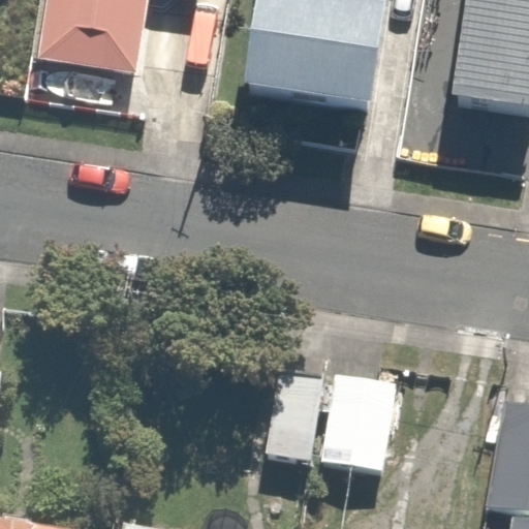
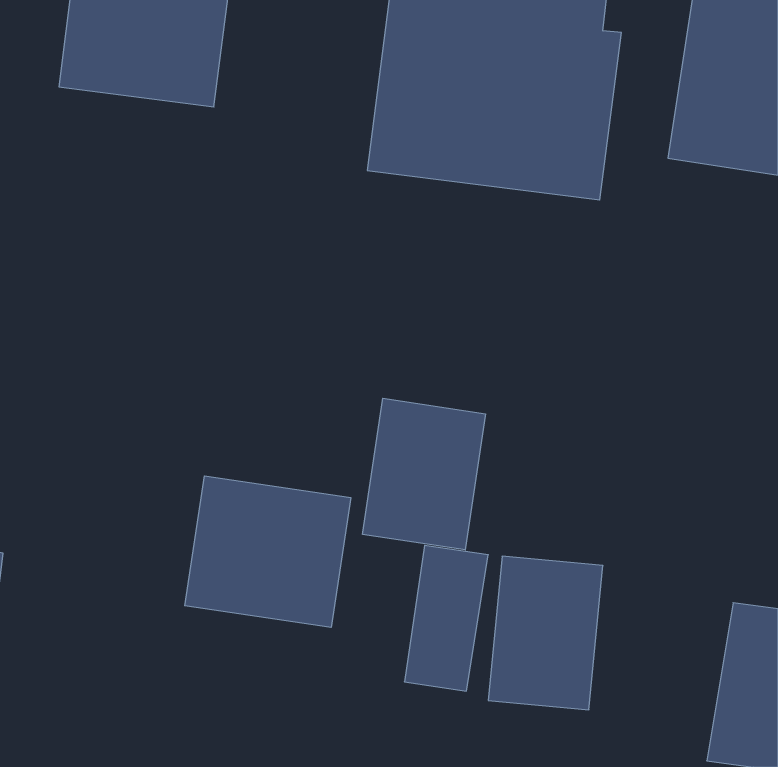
building: none -> [363,398,485,550]
building: none -> [185,476,351,627]

